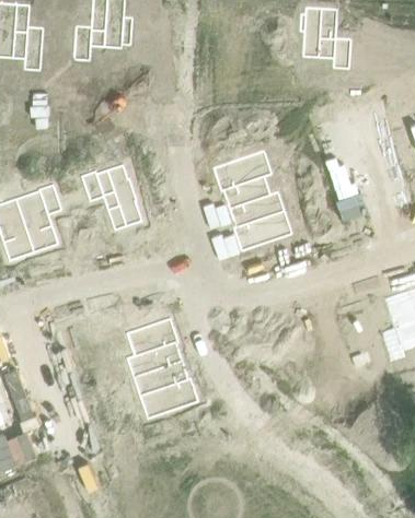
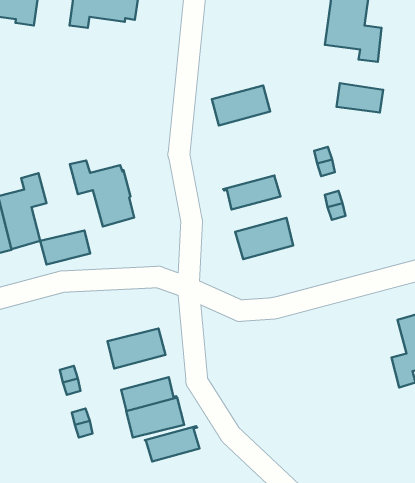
building: none -> [337,83,383,112]
building: [212,152,265,190] -> [212,85,270,125]
building: [229,193,278,227] -> none
building: none -> [40,231,90,265]
building: [134,341,183,375] -> [145,426,200,461]

